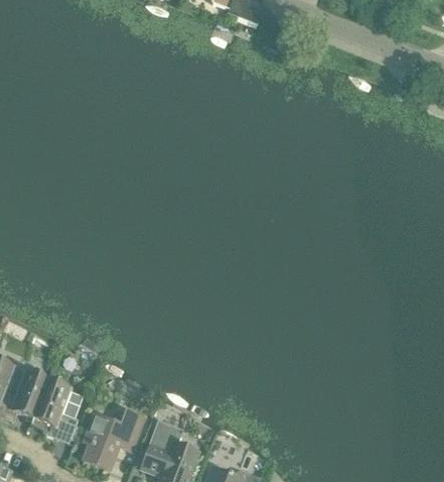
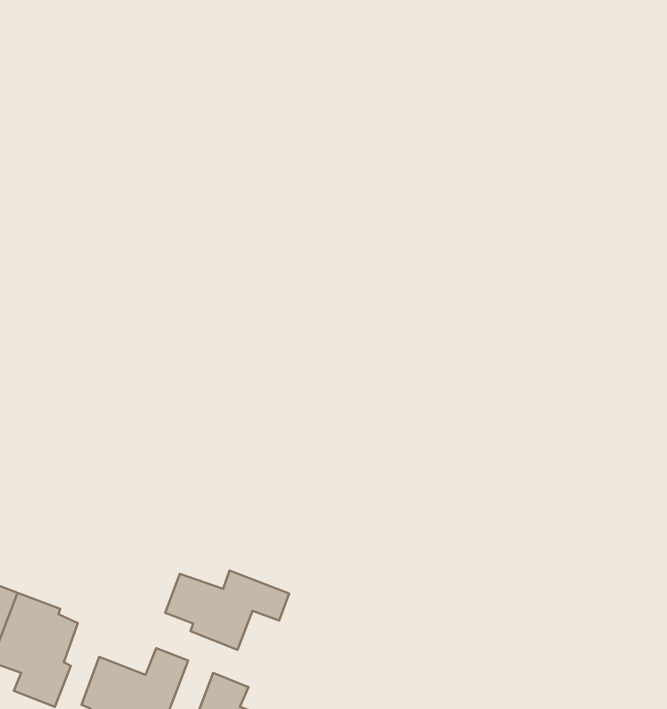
building: none -> [165,571,289,650]

